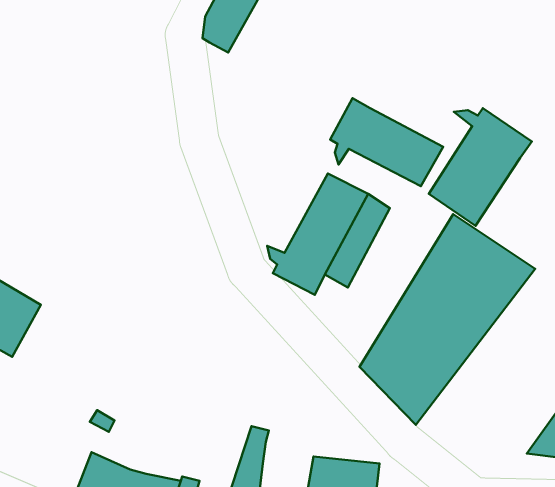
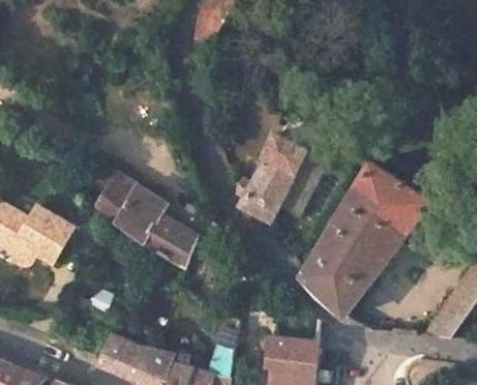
building: [330,98,443,186] -> none
building: [429,108,532,226] -> none
building: none -> [94,173,198,268]

